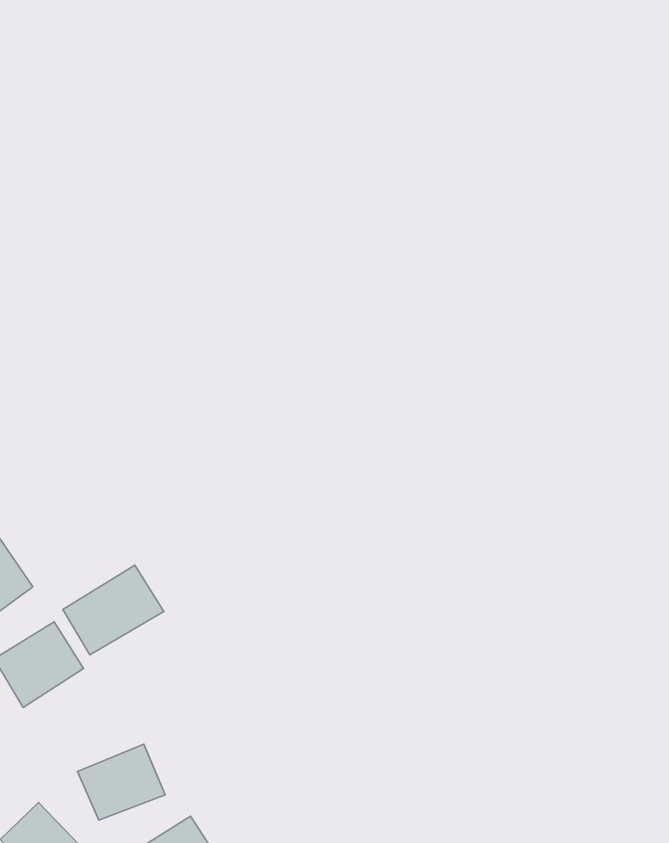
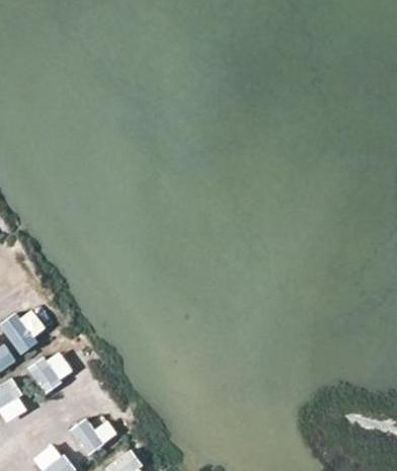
building: [63,565,164,655] -> none

